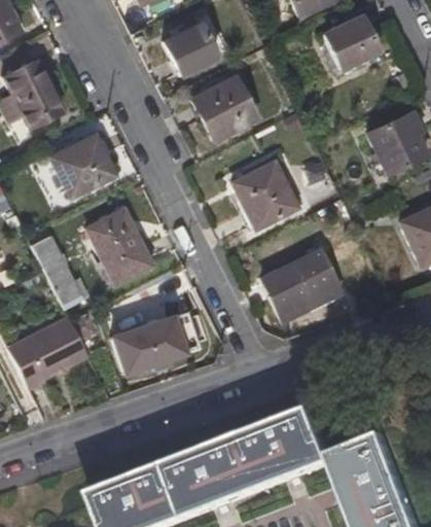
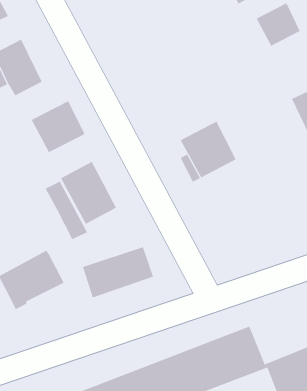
building: [164,22,218,75] -> none
building: [191,75,258,140] -> none
building: [31,236,83,308] -> [45,181,88,240]
building: [261,249,340,320] -> none

